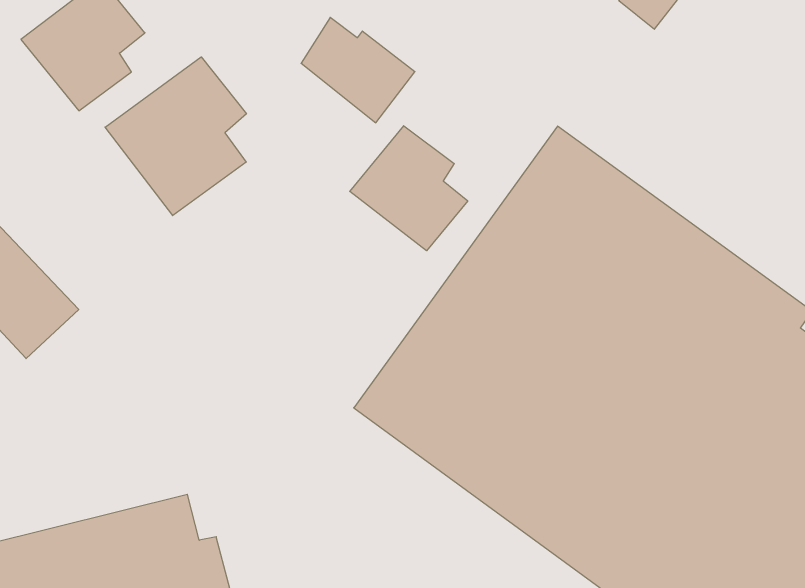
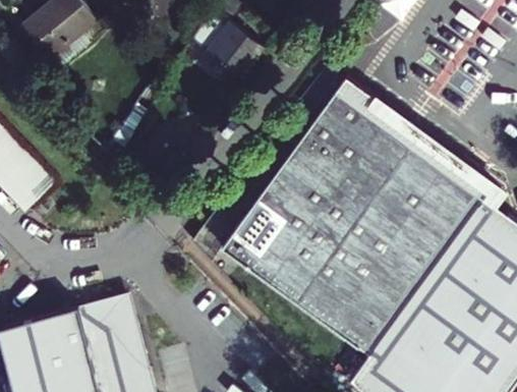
building: [105,57,246,216] -> none
building: [350,126,468,251] -> none

